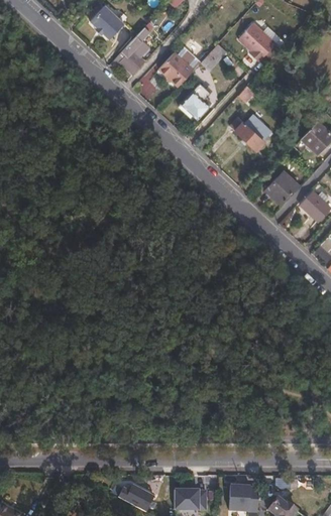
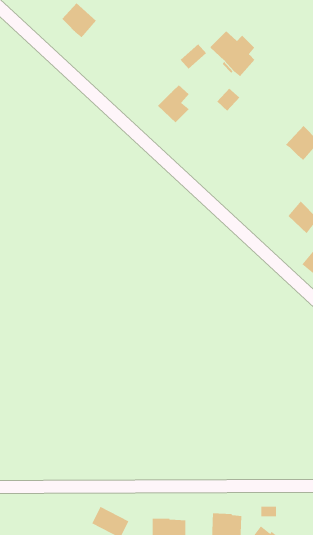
building: [113,27,148,75] -> none
building: [159,51,194,87] -> none
building: [230,114,272,151] -> none
building: [266,172,299,205] -> none

